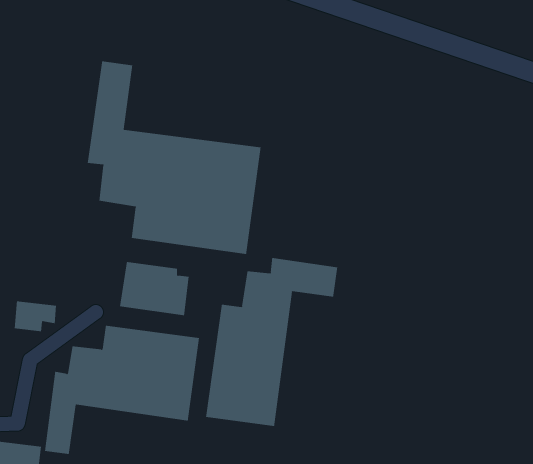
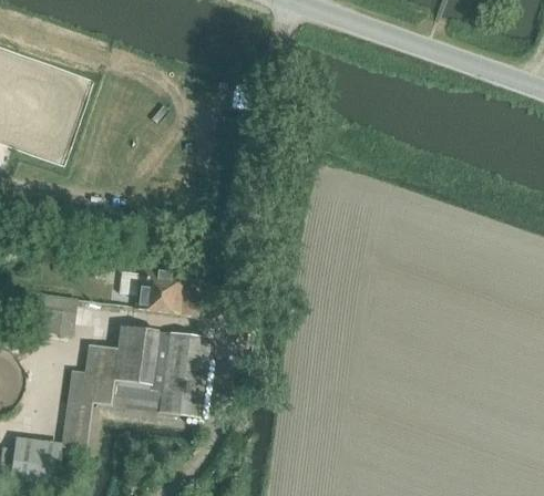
building: [87,61,261,255] -> none
building: [206,257,338,427] -> none

